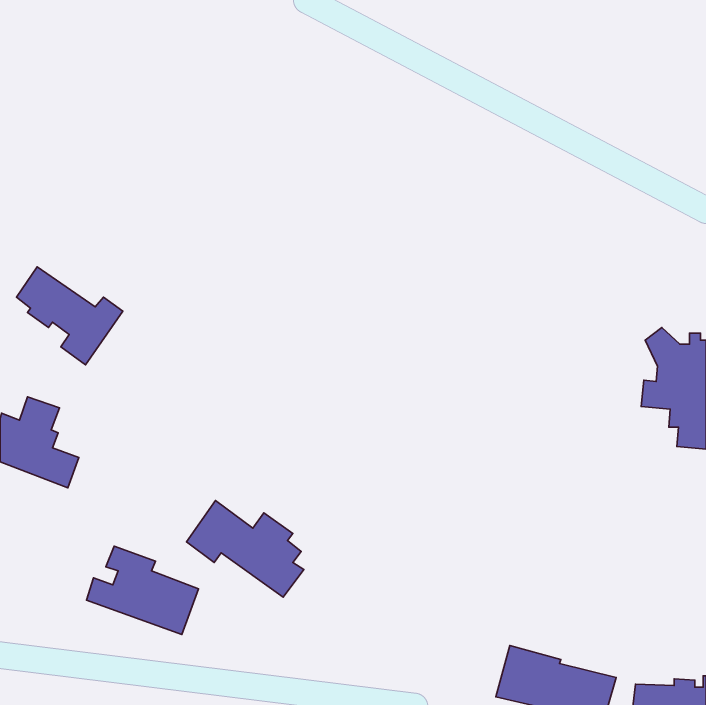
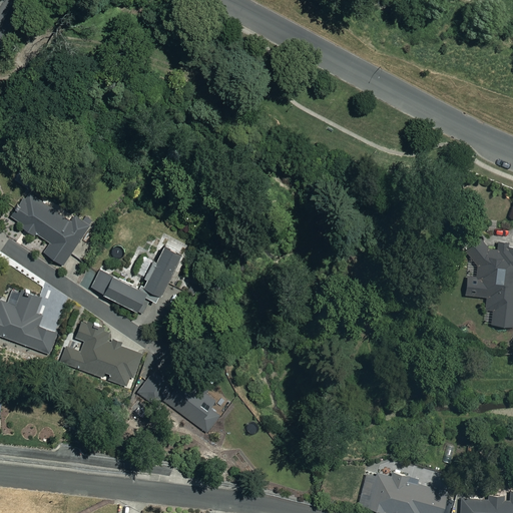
building: none -> [132,246,181,296]
building: none -> [91,271,146,311]
building: [86,546,198,635] -> [61,324,142,388]

